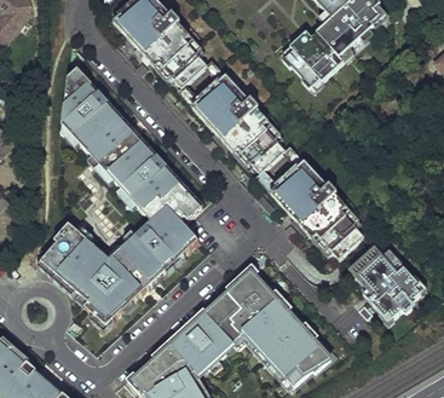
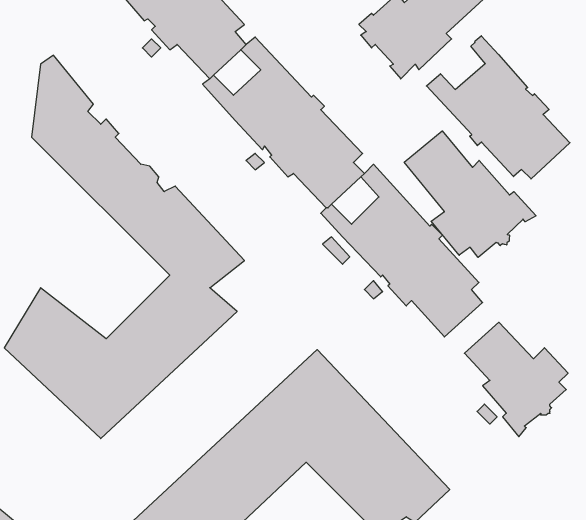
building: none -> [426,36,570,179]
building: none -> [404,131,536,257]

